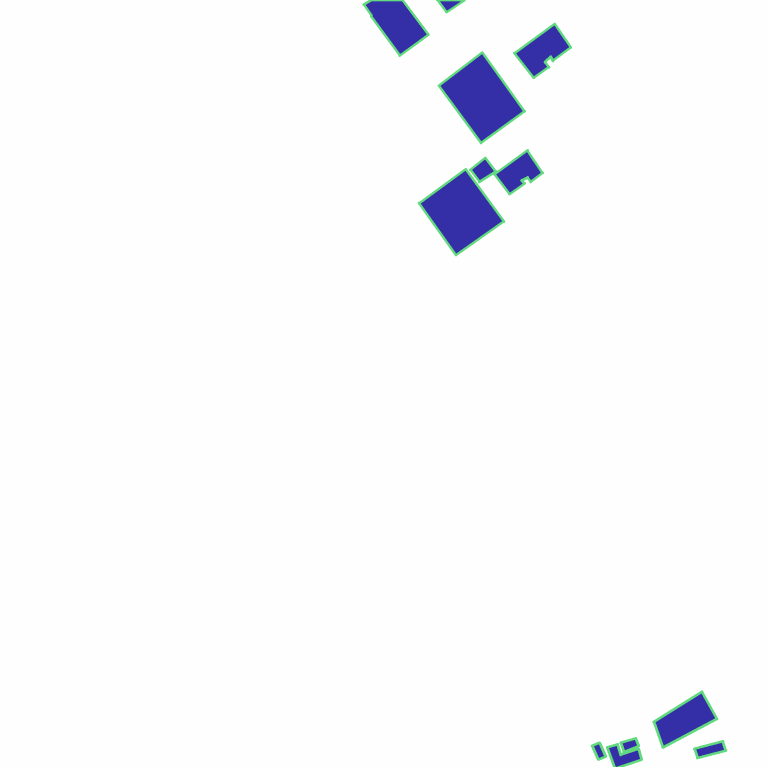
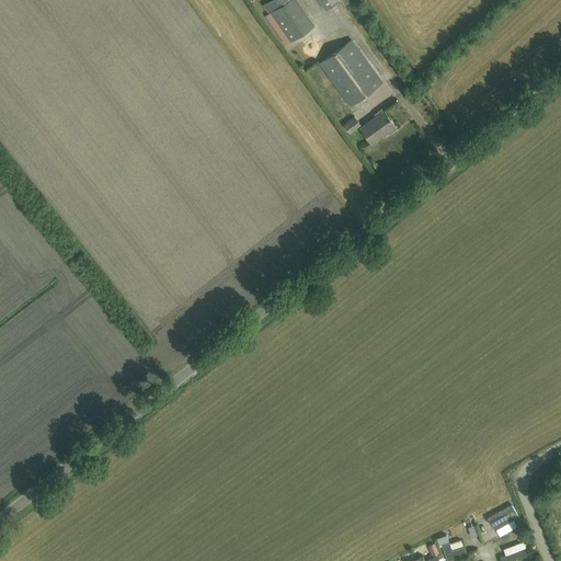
building: [514,24,571,78] -> none
building: [419,169,504,255] -> none

